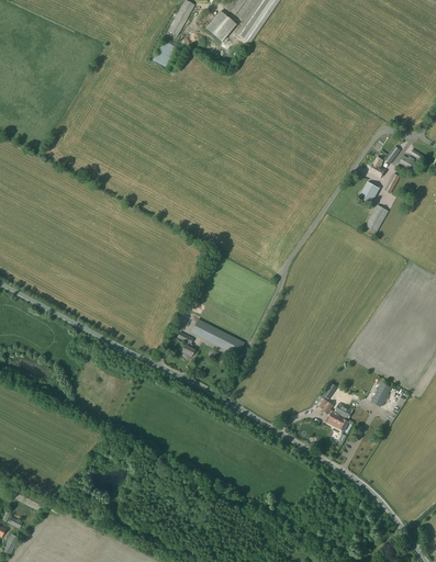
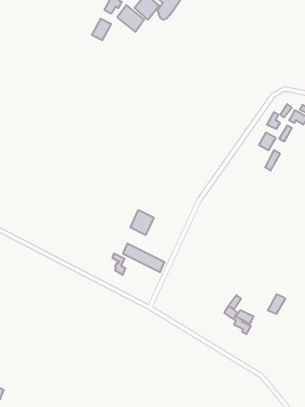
building: none -> [117,5,144,32]
building: none -> [130,210,154,235]

